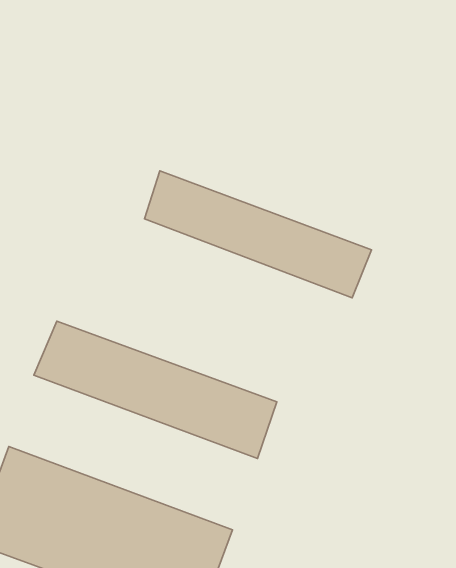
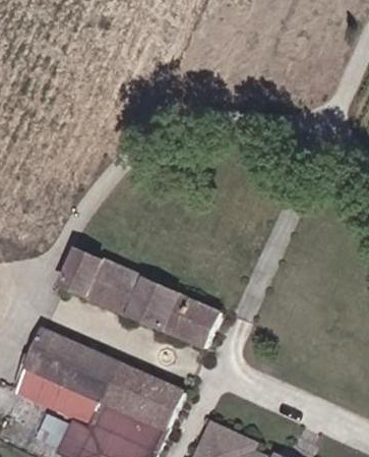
building: [144,171,372,298] -> none

